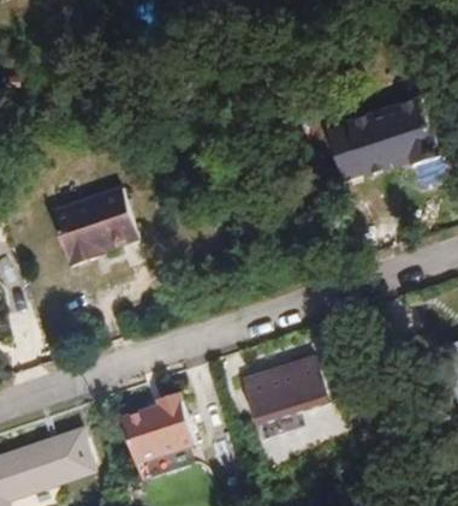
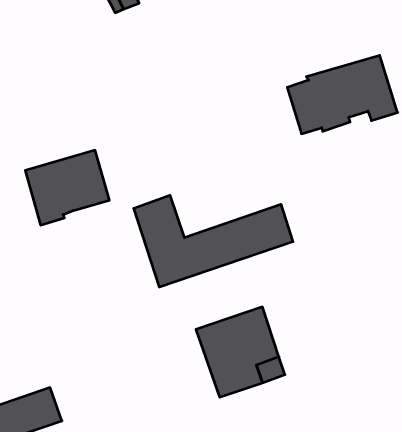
building: none -> [134,195,293,287]
building: [120,394,195,463] -> none

